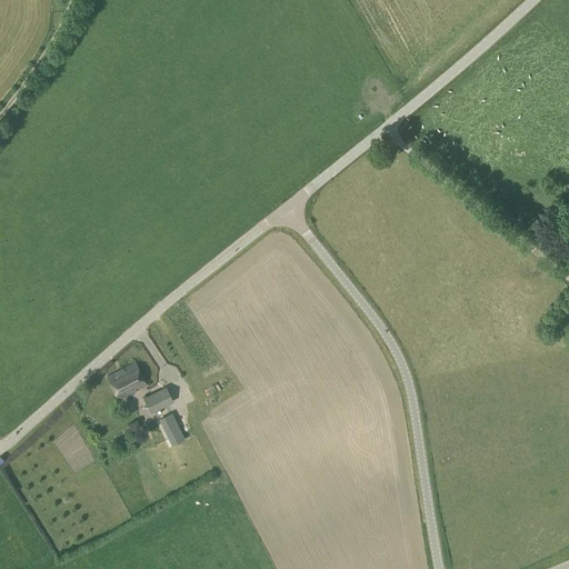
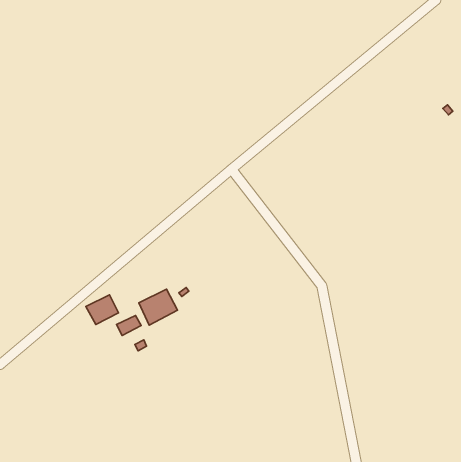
building: none -> [139,289,177,325]

